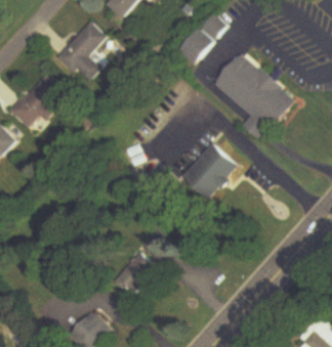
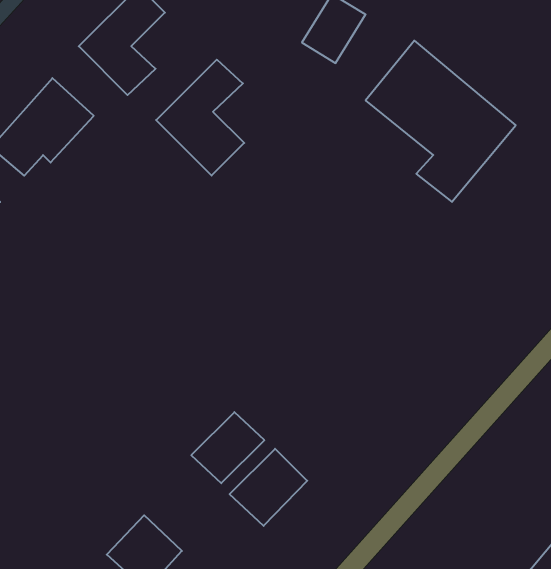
building: none -> [156,60,244,176]
building: [184,142,241,201] -> none
building: none -> [230,449,307,526]

